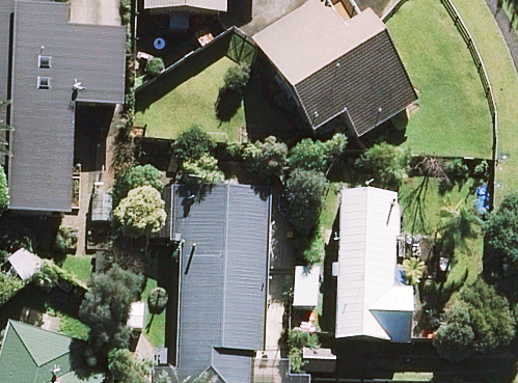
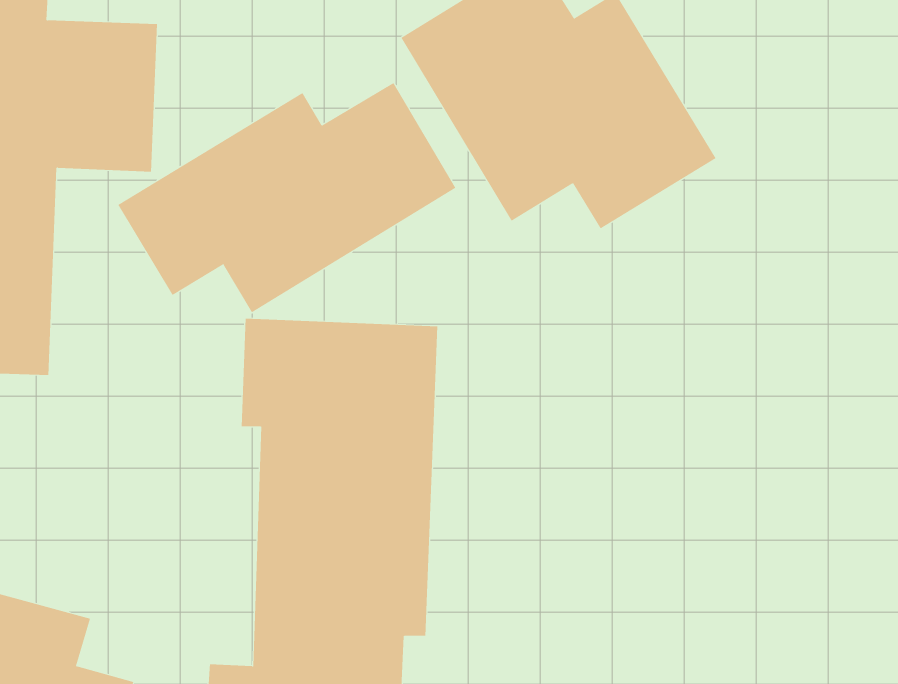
building: none -> [117,82,456,313]
building: [335,188,418,339] -> none

